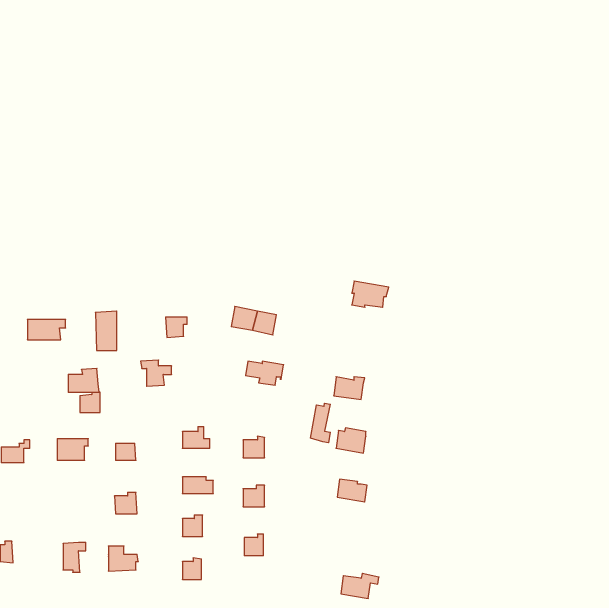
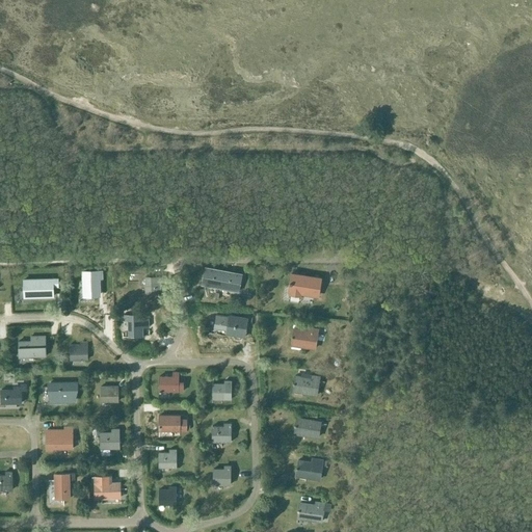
building: [352,281,389,307] -> [289,274,321,297]
building: [68,368,99,392] -> [19,337,46,357]
building: [311,403,330,443] -> none
building: none -> [46,428,72,451]
building: none -> [296,459,327,480]

